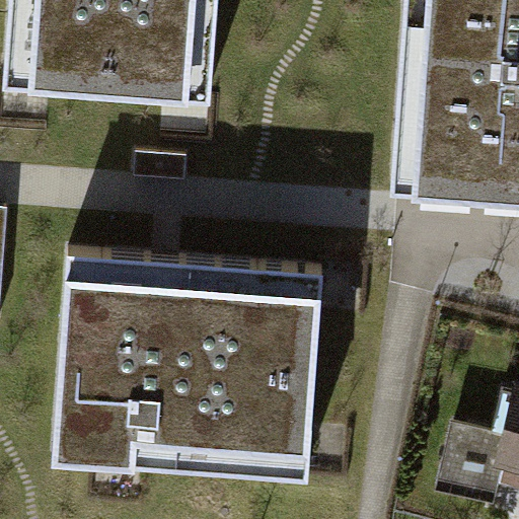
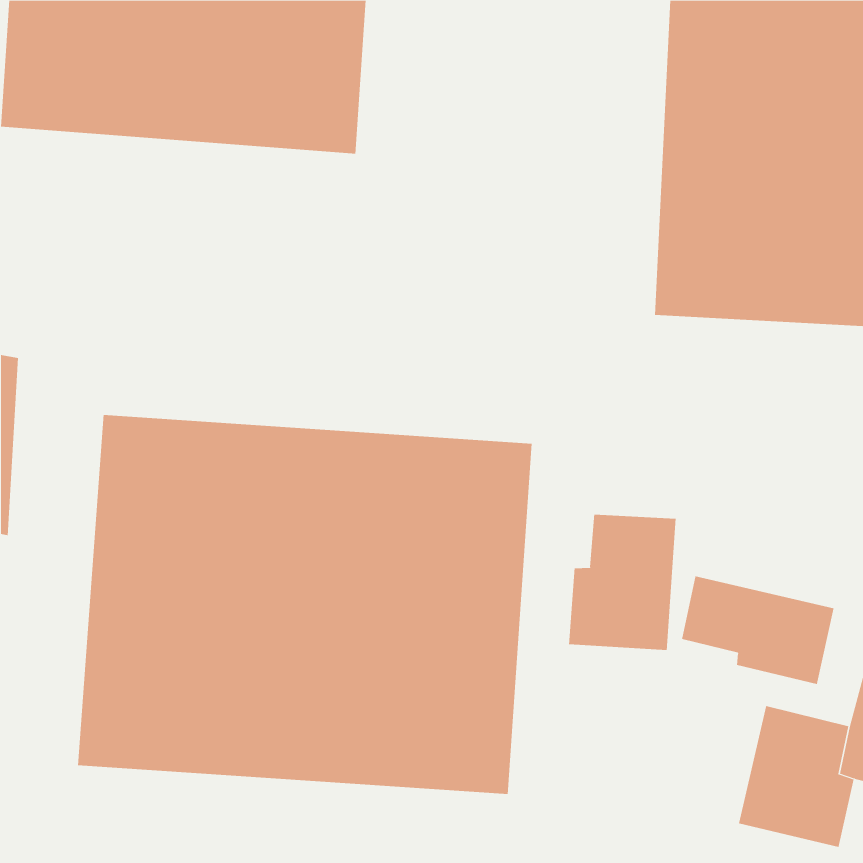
building: none -> [568,514,676,651]
building: none -> [682,576,834,685]

